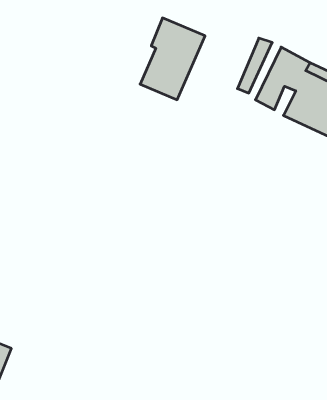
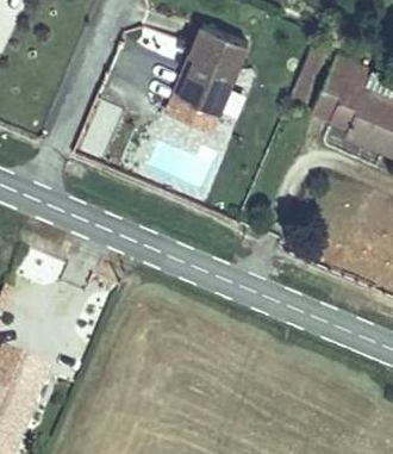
building: none -> [170,56,222,131]

